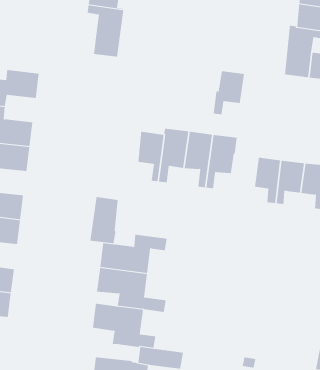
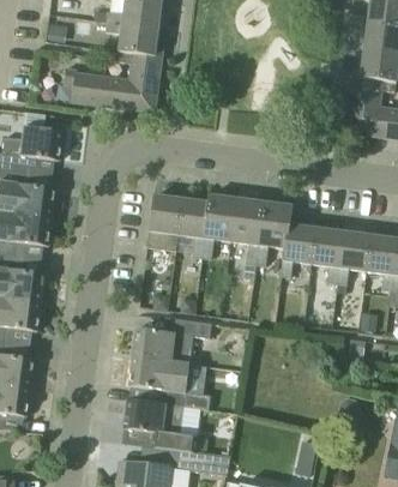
building: none -> [64,67,128,108]
building: [213,71,245,115] -> [279,224,316,276]
building: [90,197,118,244] -> [146,194,180,249]

